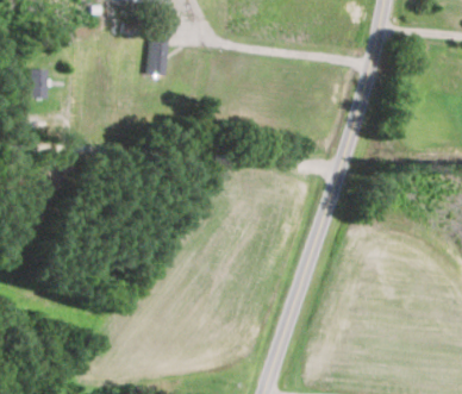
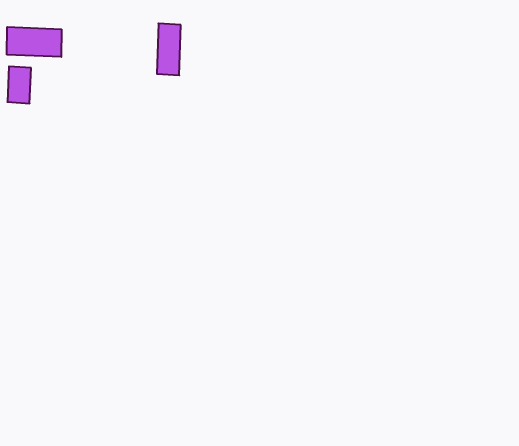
building: none -> [7,27,61,57]

